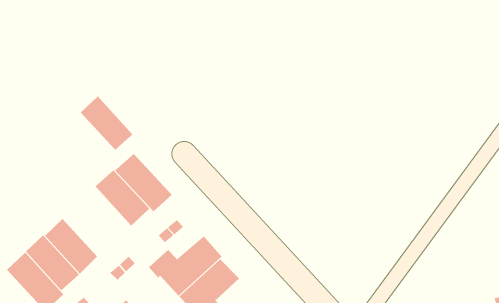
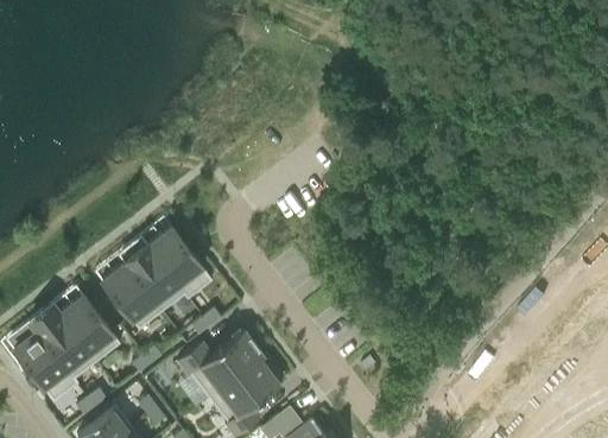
building: [80,95,133,151] -> [100,261,159,326]

